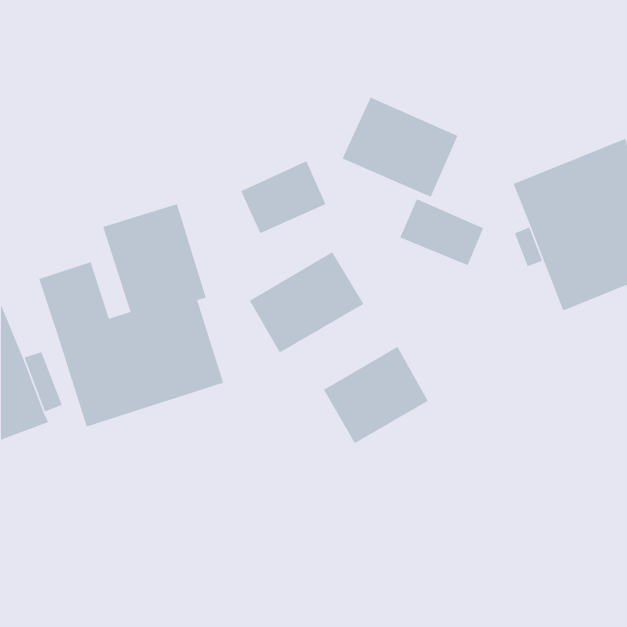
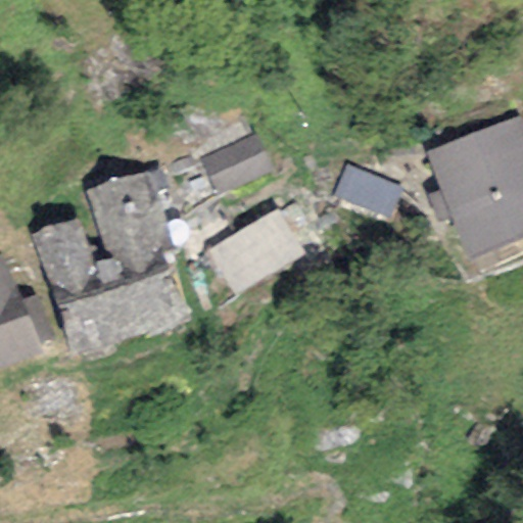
building: [342,96,458,198] -> none
building: [323,346,429,444] -> none

